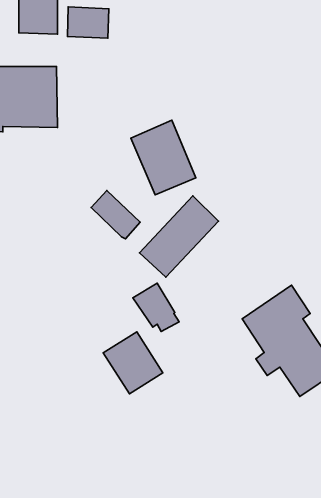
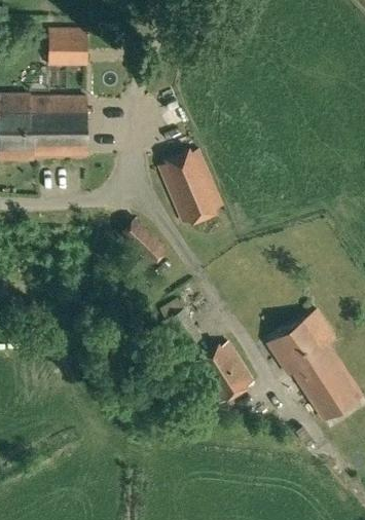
building: [68,7,109,38] -> none
building: [139,196,219,277] -> none
building: [103,332,163,394] -> [194,342,253,403]

